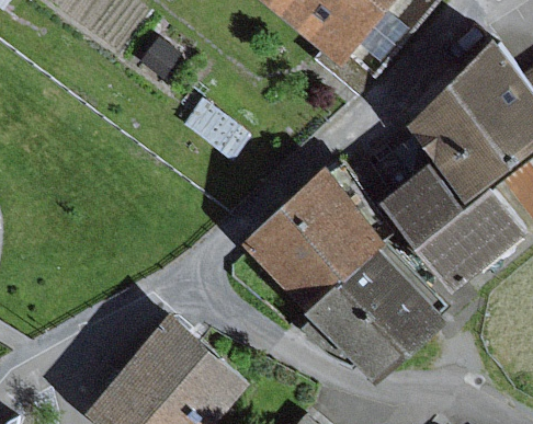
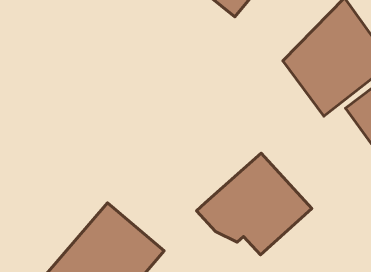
building: [378,159,525,289] -> none
building: [242,172,386,313] -> none

